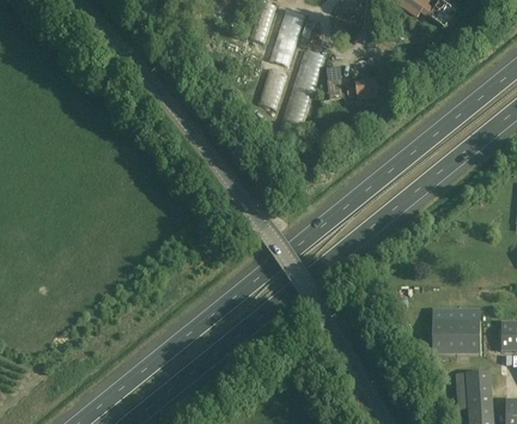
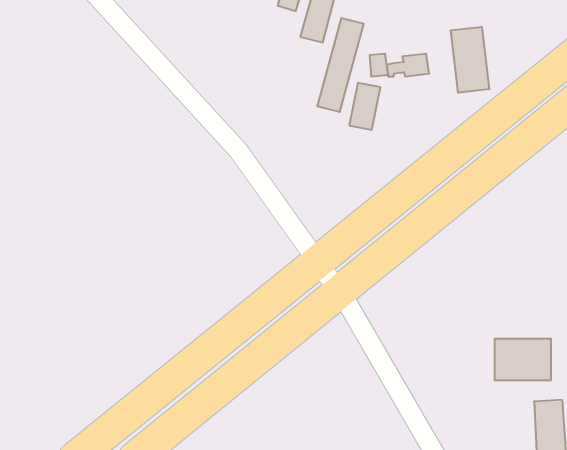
building: none -> [451,27,489,93]
building: [258,67,285,107] -> [349,83,380,130]

